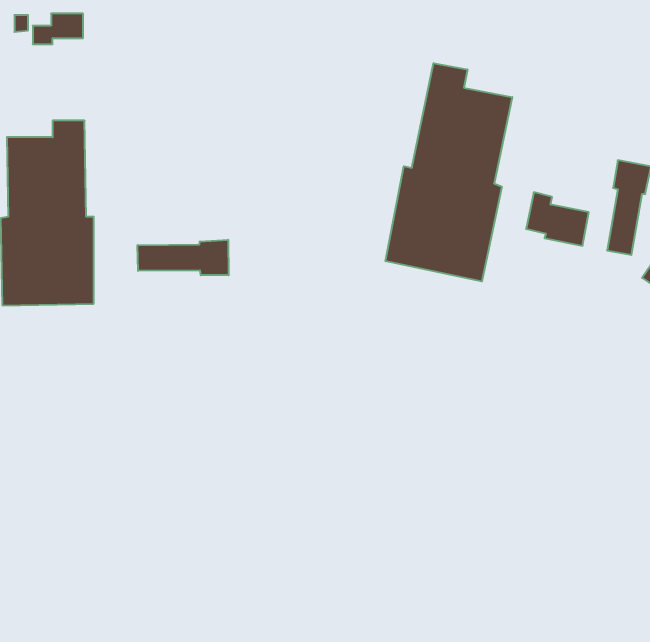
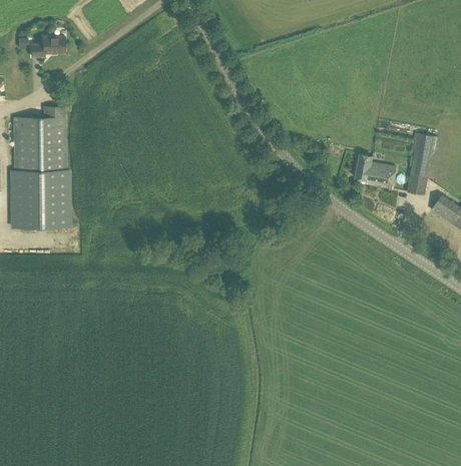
building: [386,63,512,281] -> none
building: [138,240,229,275] -> none

